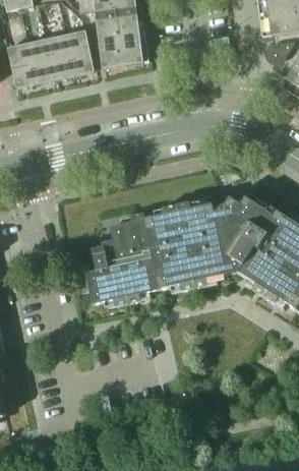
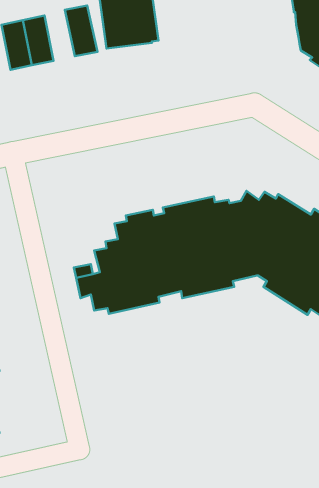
building: [46,34,73,79] -> none

